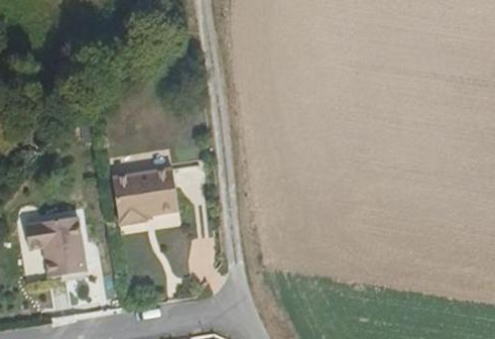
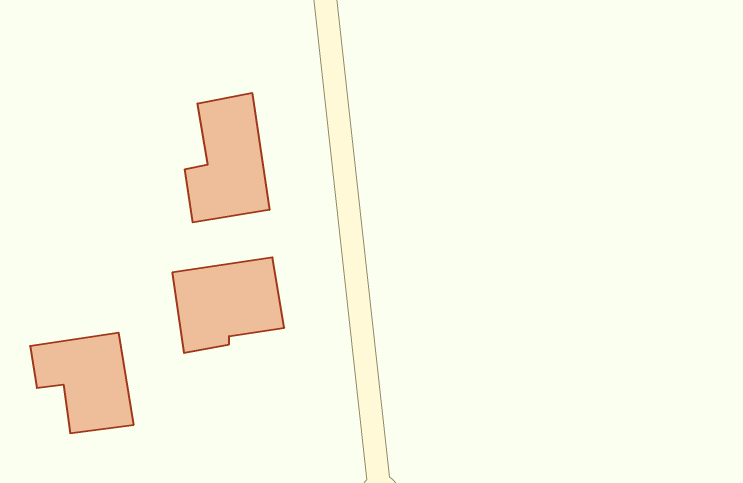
building: none -> [185,93,269,222]

